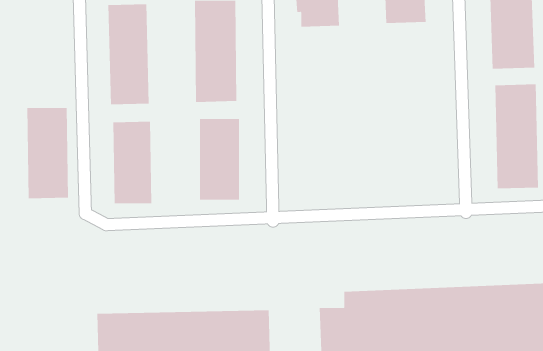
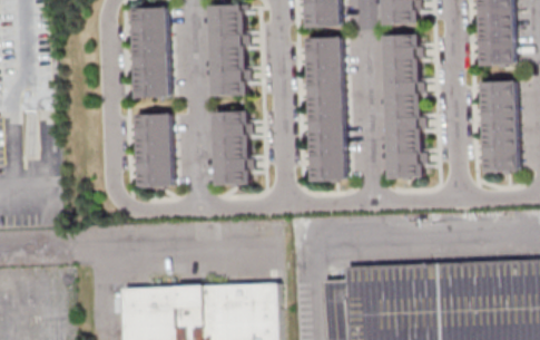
building: none -> [383,33,423,178]
building: none -> [302,37,345,183]
building: [27,107,68,199] -> none

